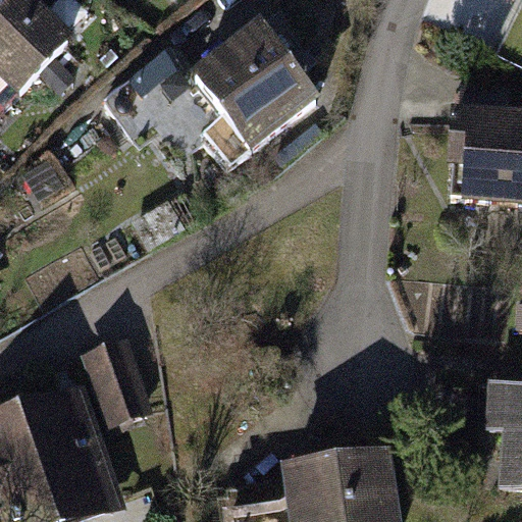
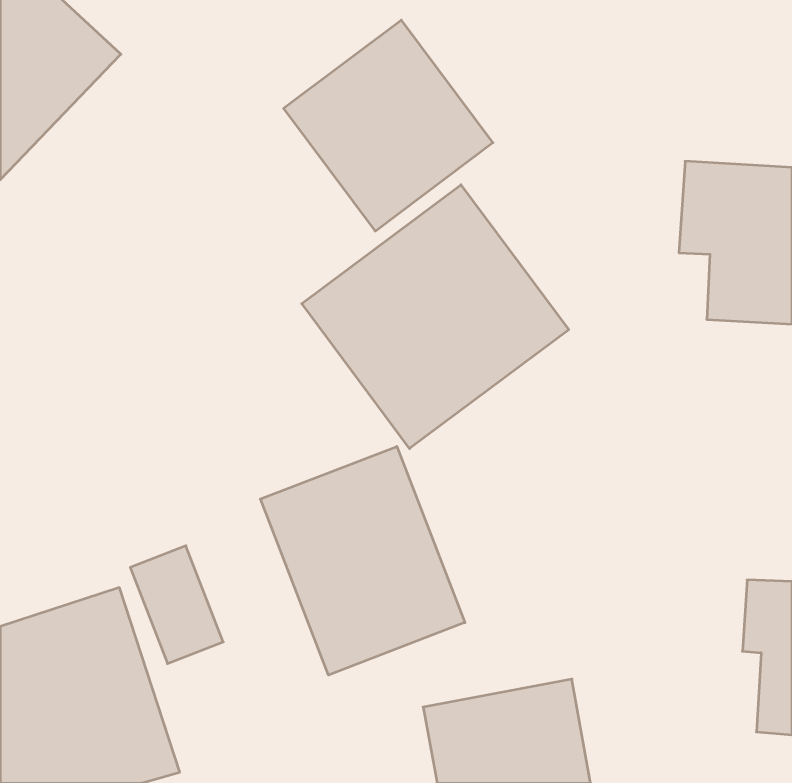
building: none -> [302,185,569,449]
building: none -> [260,446,465,675]

